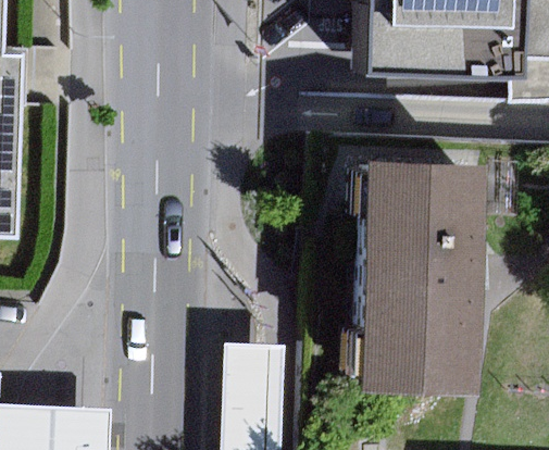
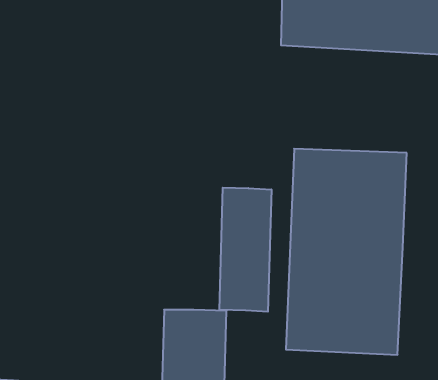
building: none -> [219,188,271,312]

